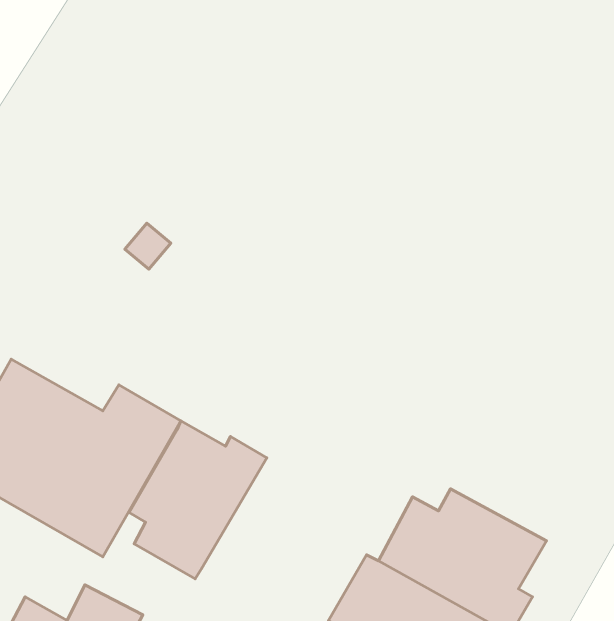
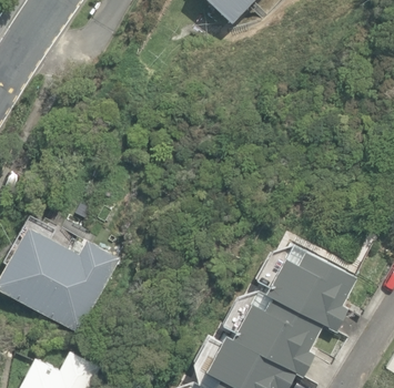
building: none -> [264,249,356,333]
building: [129,421,267,579] -> none

